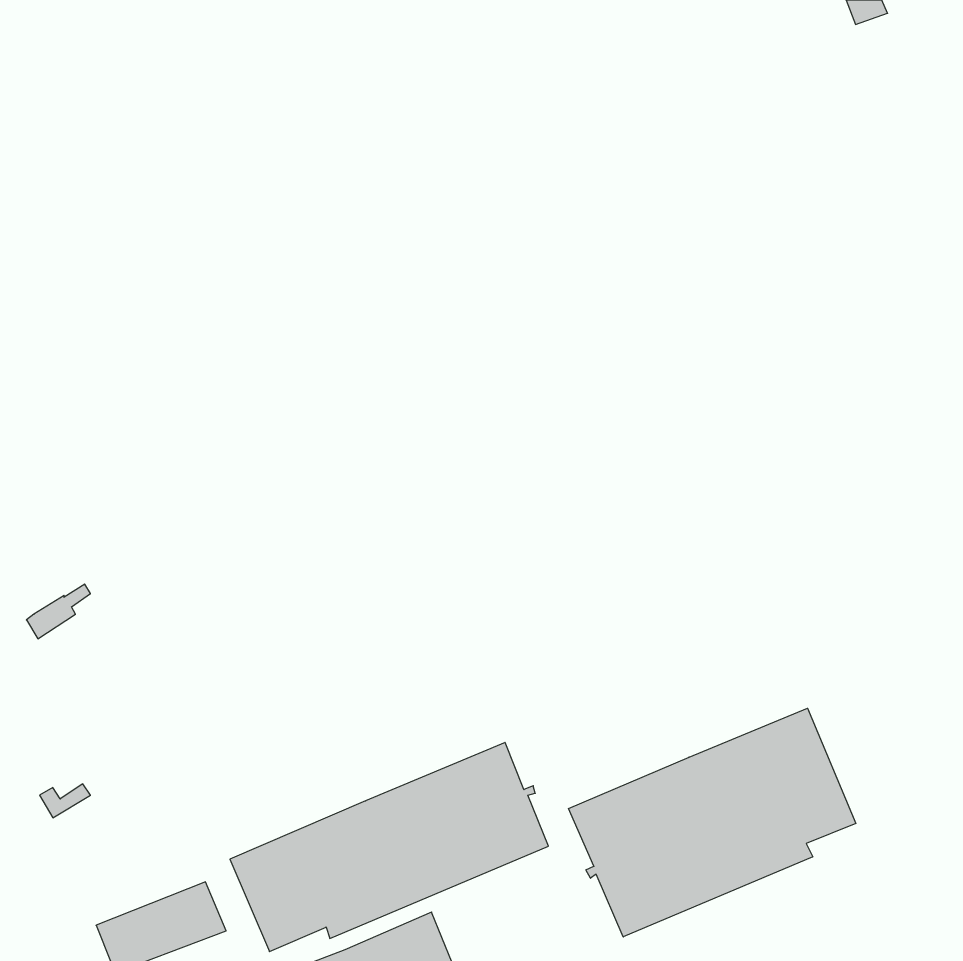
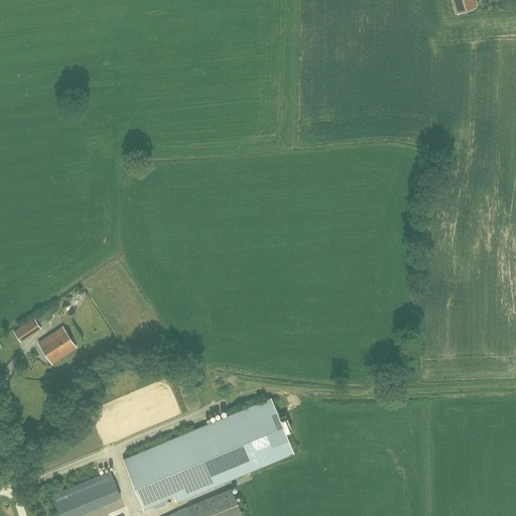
building: none -> [38,329,76,365]
building: [569,708,856,937] -> none

